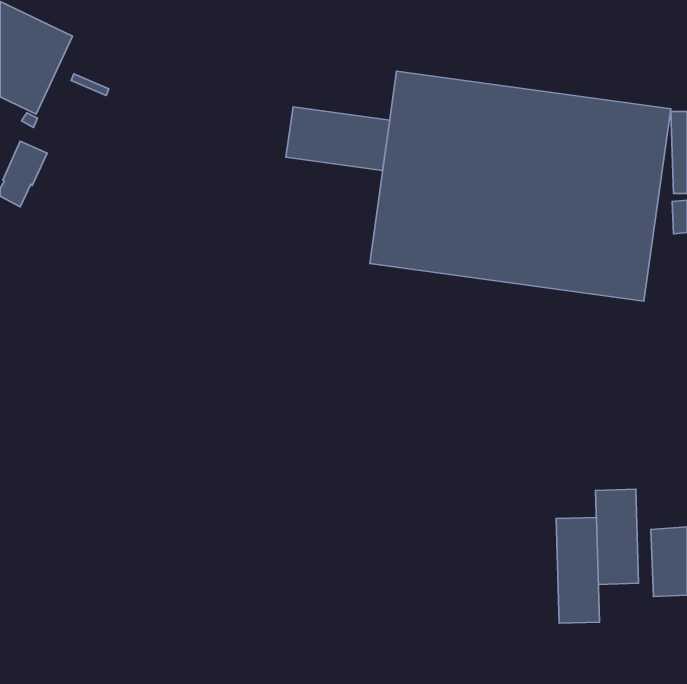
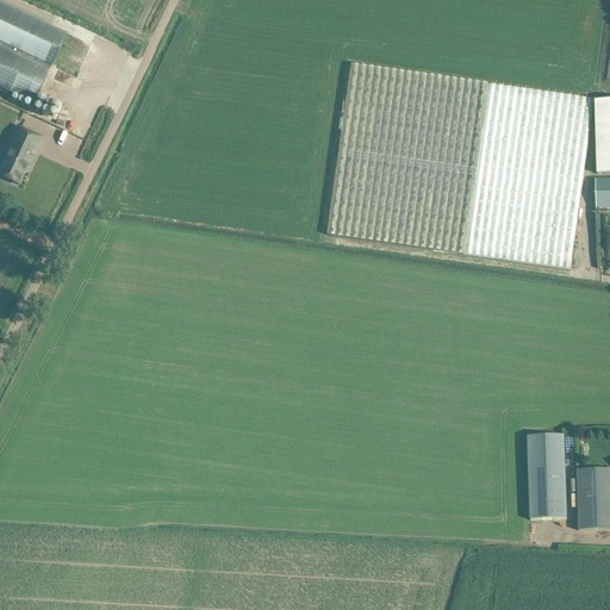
building: [286,107,390,170] -> none
building: [556,517,599,623] -> none

